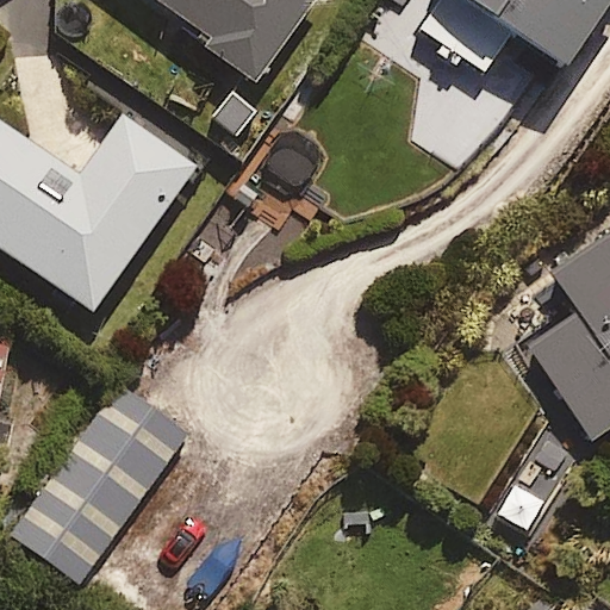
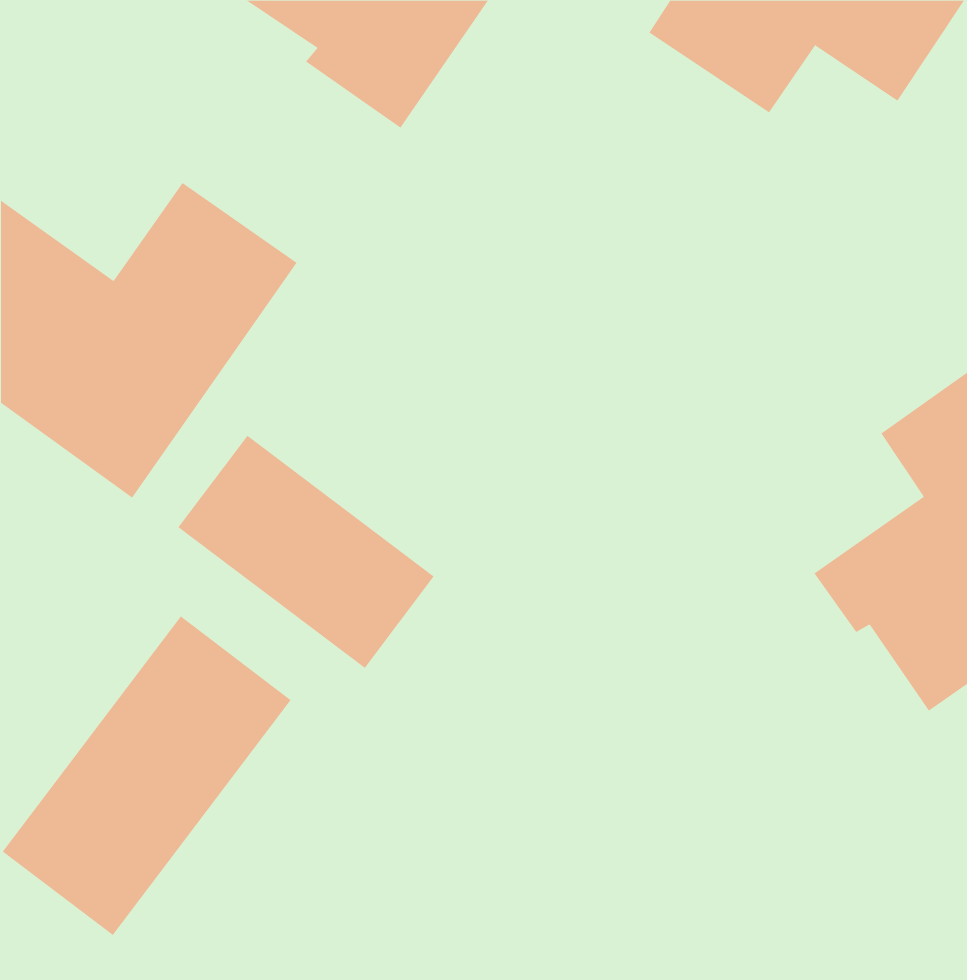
building: none -> [178,435,435,669]

